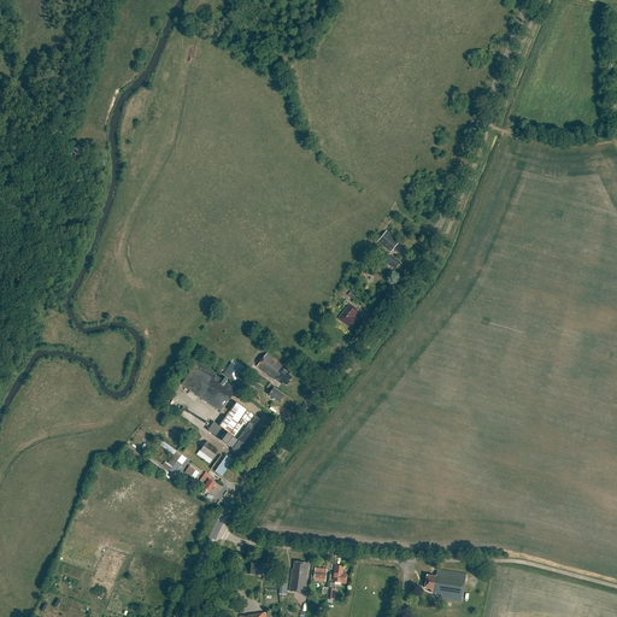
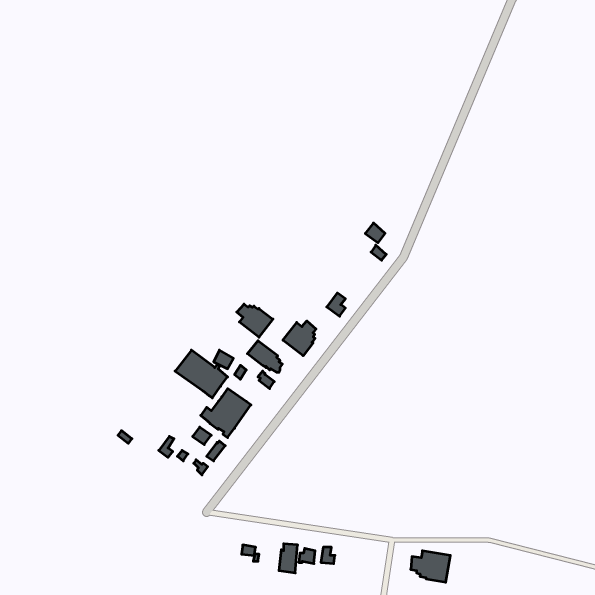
building: none -> [237,304,273,337]
building: none -> [283,321,316,356]

